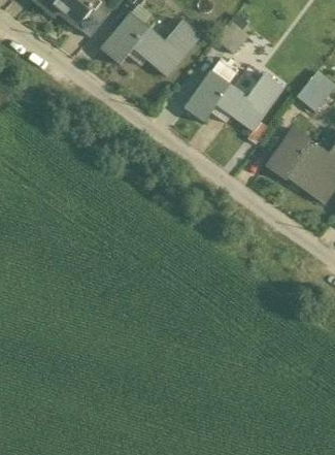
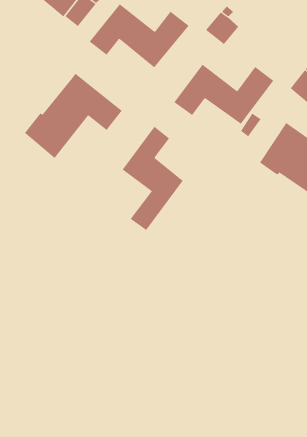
building: none -> [24,73,122,159]
building: none -> [122,126,184,231]

